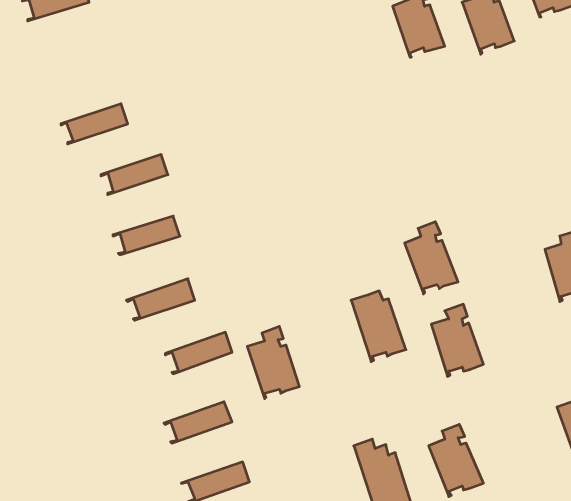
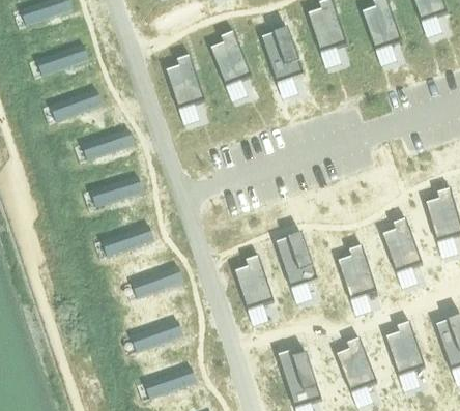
building: none -> [260,29,303,83]
building: none -> [209,31,252,86]
building: none -> [36,45,88,76]
building: none -> [165,54,205,110]
building: [405,222,458,294] -> [381,217,423,273]
building: [247,326,299,399] -> [233,255,274,311]
building: none -> [384,321,425,376]

